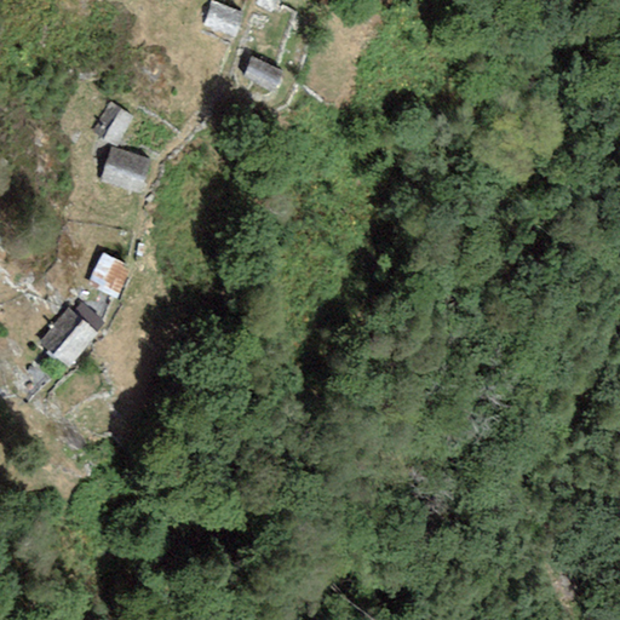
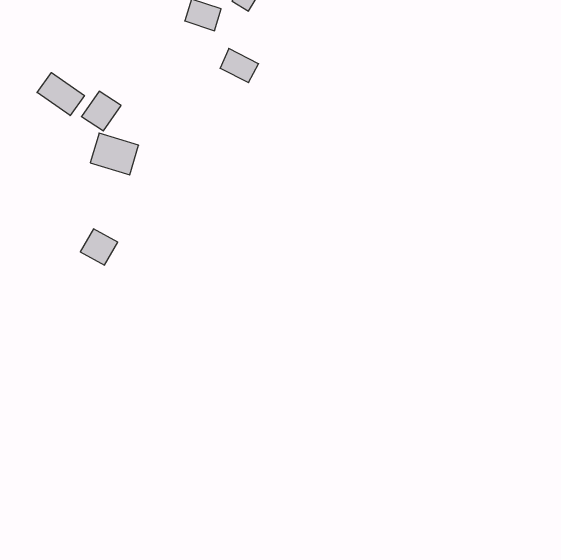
building: none -> [37,73,84,116]
building: [39,300,105,366] -> none

